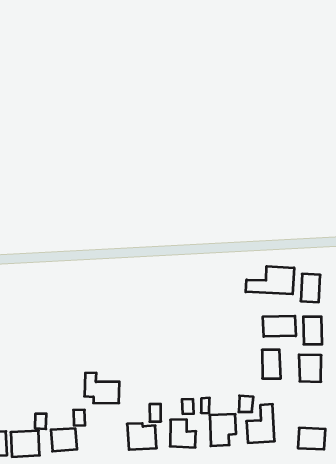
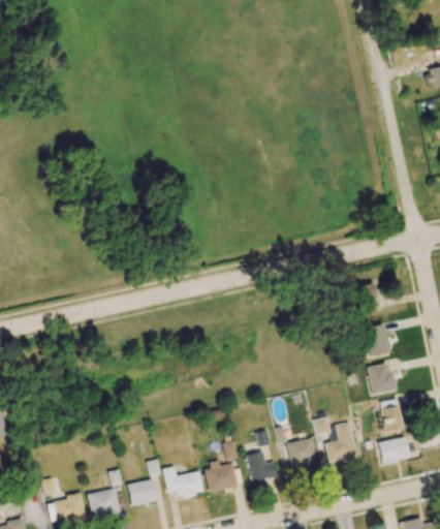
building: [246,266,294,294] -> none
building: [263,316,296,337] -> none
building: [262,350,281,378] -> [380,399,404,431]
building: [84,373,119,403] -> [164,466,203,497]

